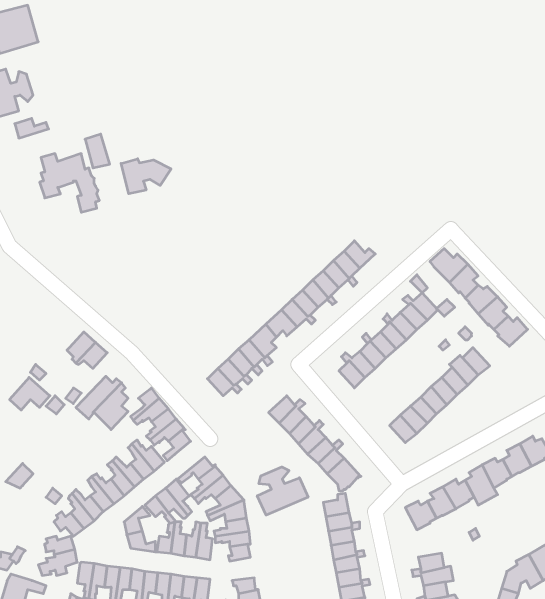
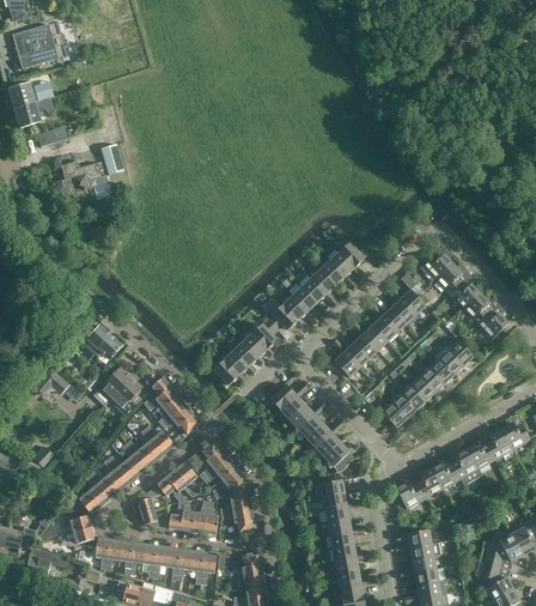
building: [121,159,171,194] -> none
building: [257,467,308,515] -> none

